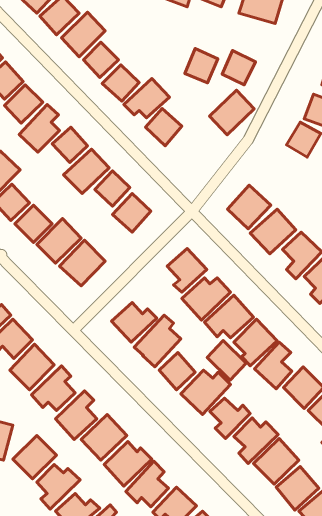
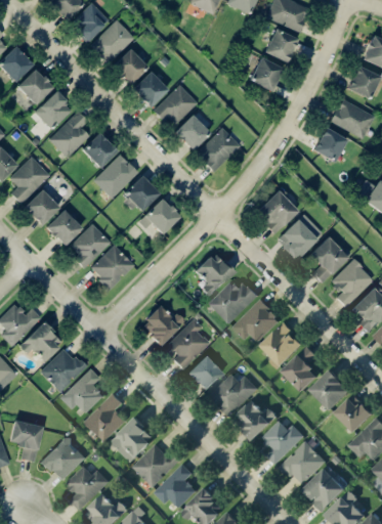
building: [185,49,218,83] -> [264,29,297,62]
building: [209,90,254,135] -> [196,128,240,172]
building: [207,341,246,380] -> none

